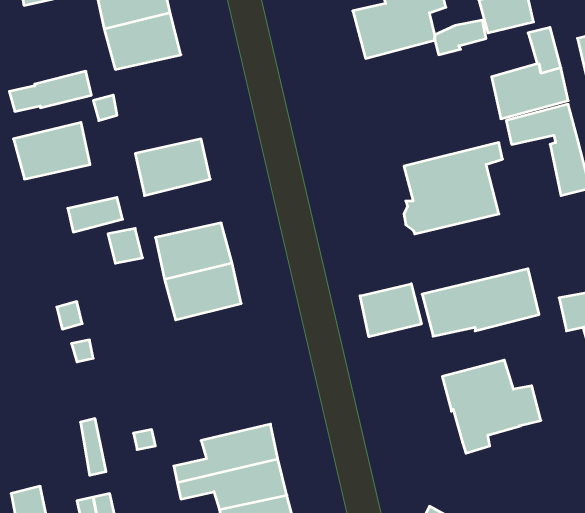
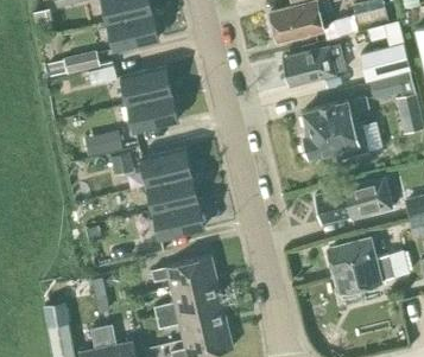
building: none -> [281,46,344,87]
building: [13,122,90,179] -> [121,68,171,104]
building: [360,284,421,337] -> none
building: none -> [154,202,203,240]
building: none -> [151,256,216,291]

